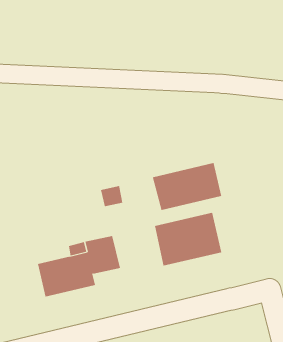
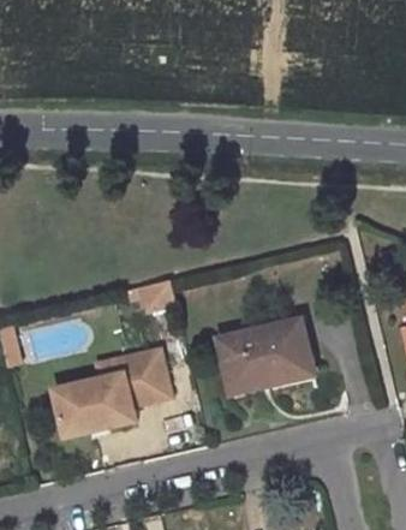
building: [152,162,222,211] -> none

